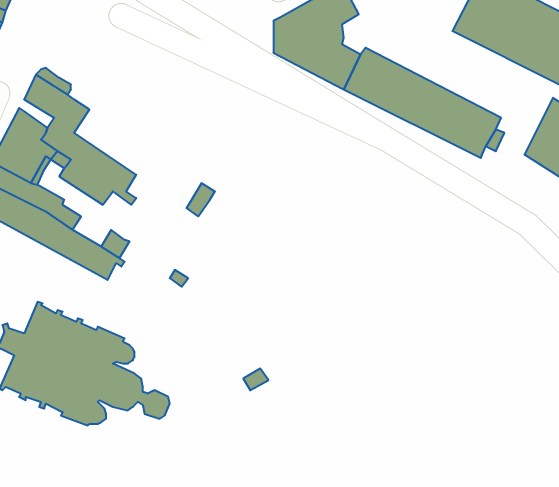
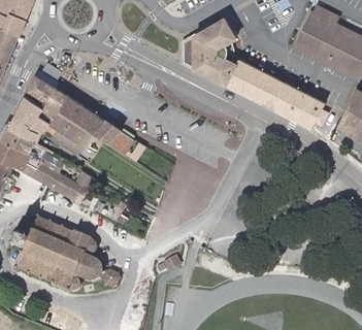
building: none -> [60,96,134,154]

